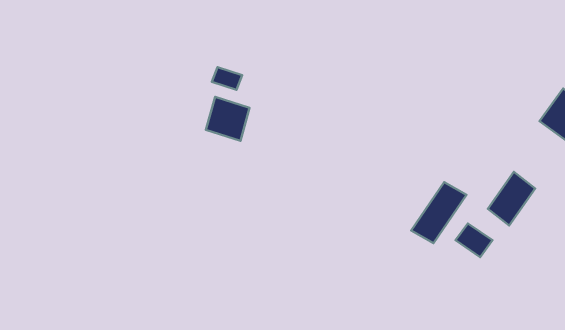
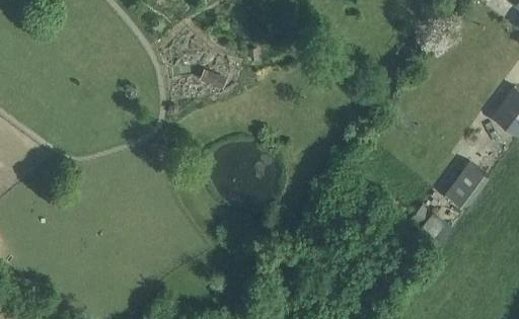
building: [206,97,249,141] -> none
building: [411,182,466,243] -> none

